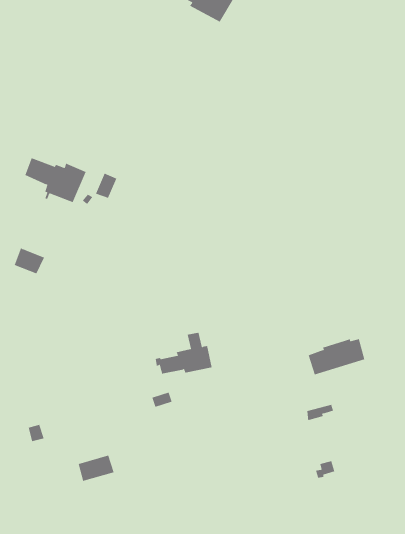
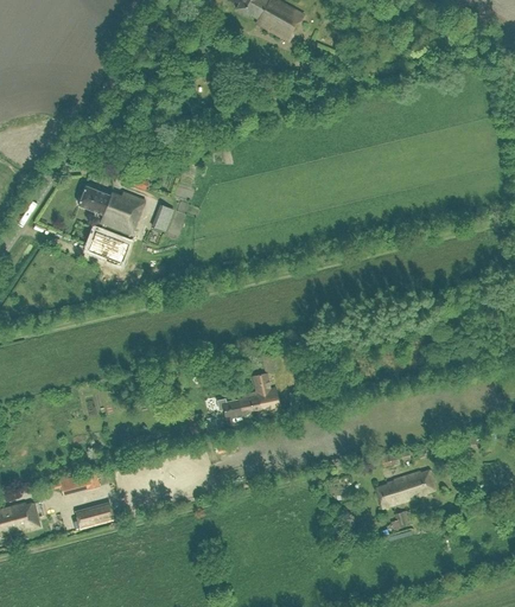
building: [14,248,45,274] -> [90,228,123,256]
building: [308,338,365,375] -> [375,468,437,507]
building: [78,455,114,482] -> [75,500,114,529]

